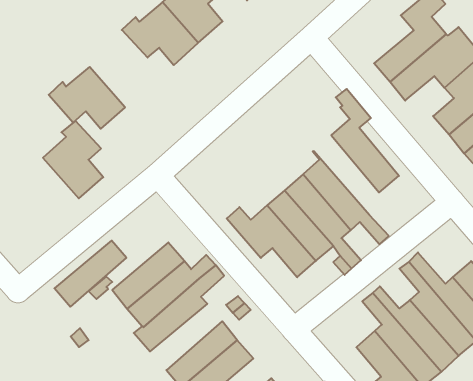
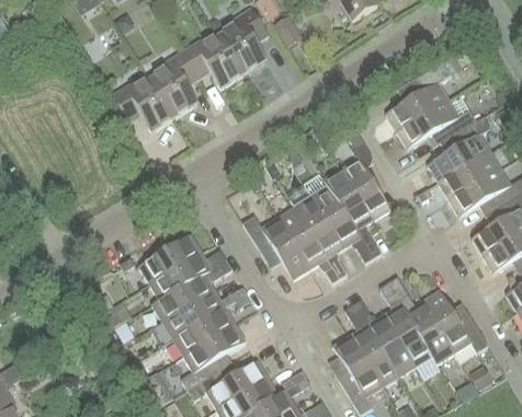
building: [43,121,103,198] -> [149,51,198,116]
building: none -> [324,166,382,257]
building: [54,241,126,307] -> [161,289,225,338]

